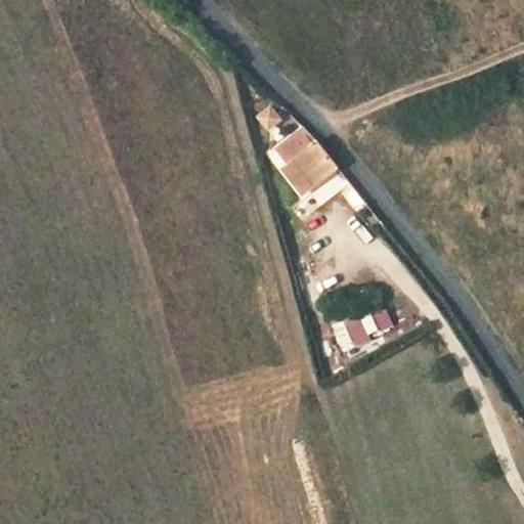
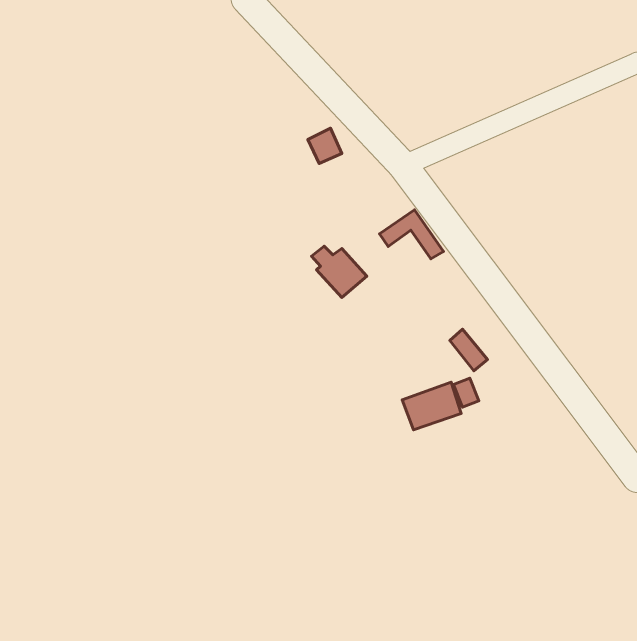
building: [291,139,336,181] -> [312,246,367,298]

